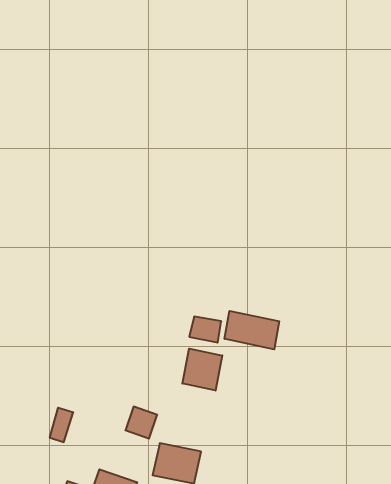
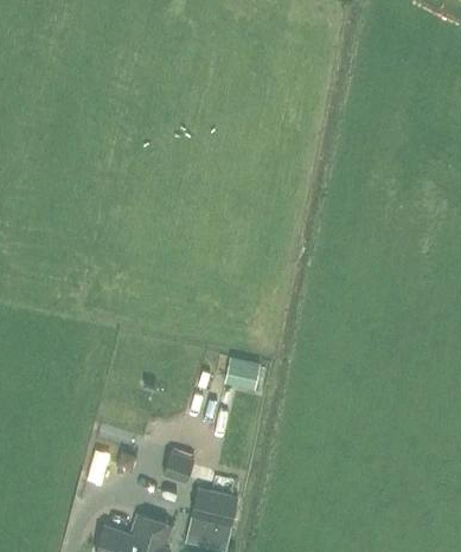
building: [225,311,279,349] -> none
building: [182,349,222,391] -> none

